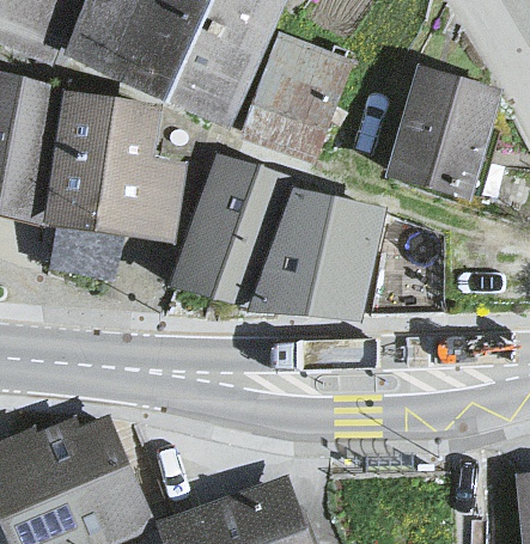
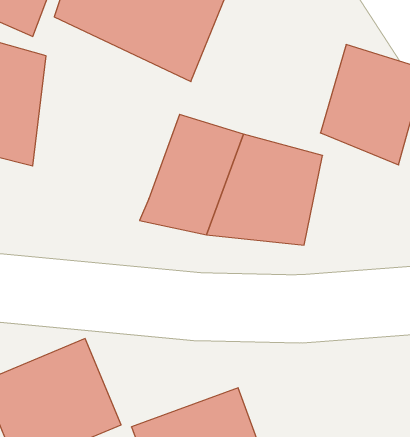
building: [255,47,343,146] -> none
building: [47,92,182,238] -> none

